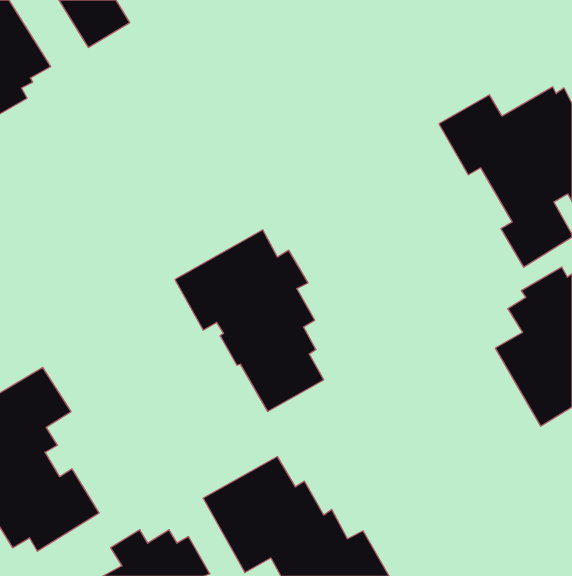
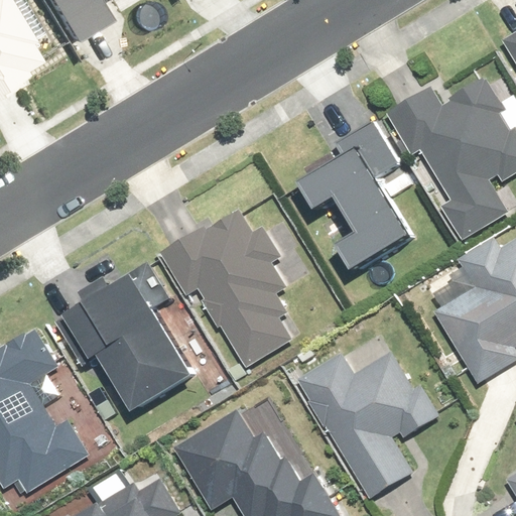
building: none -> [296,118,412,270]
building: none -> [57,265,184,412]
building: none -> [292,352,435,500]

